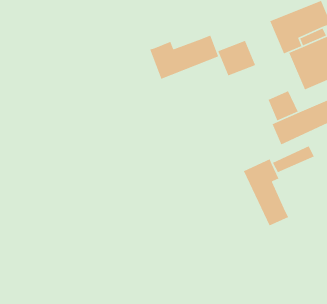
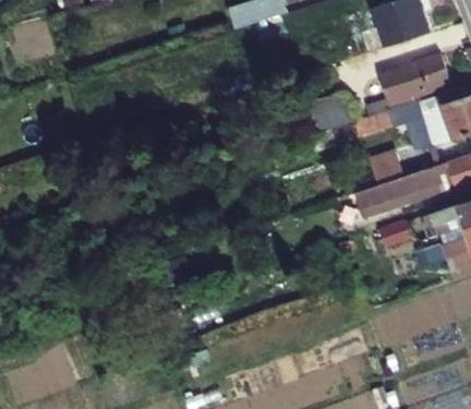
building: [149,34,219,80] -> none
building: [243,158,289,227] -> none

